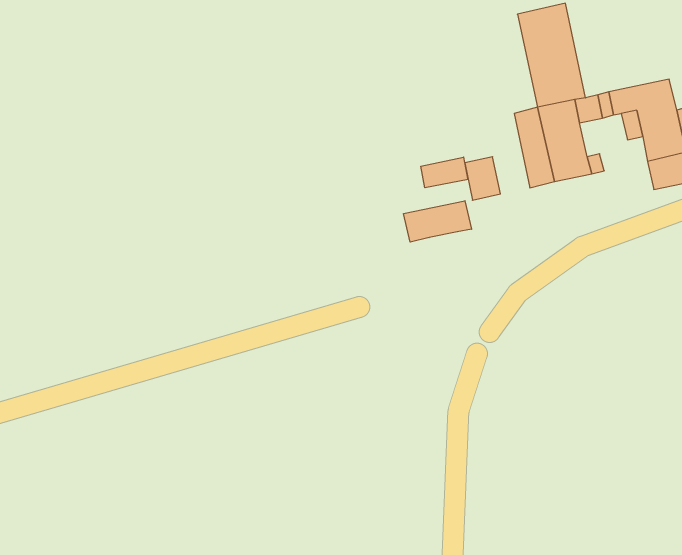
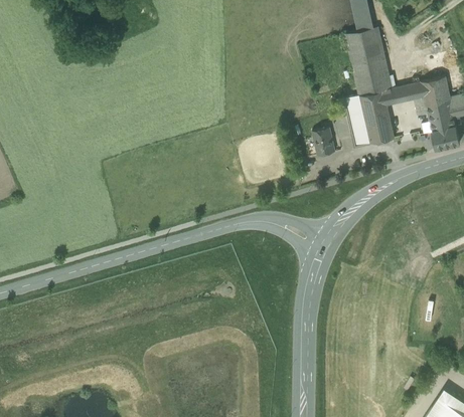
building: [421,157,468,188] -> none
building: [404,201,472,242] -> none

